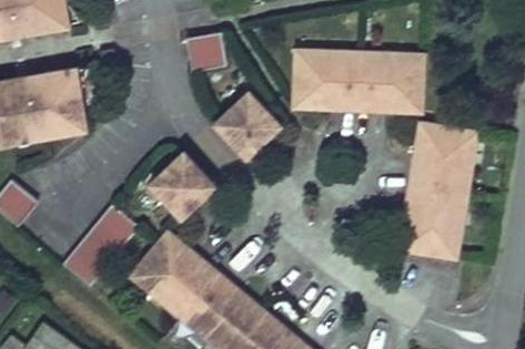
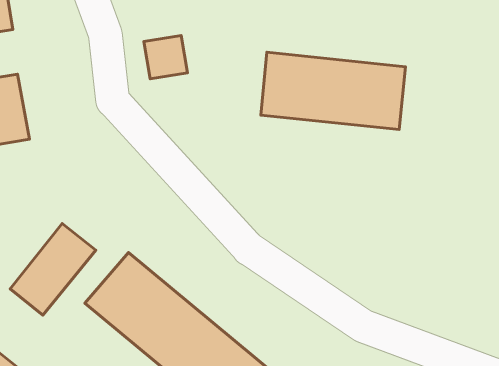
building: [215,94,276,155] -> none
building: [405,130,477,260] -> none
building: [151,156,211,216] -> none

